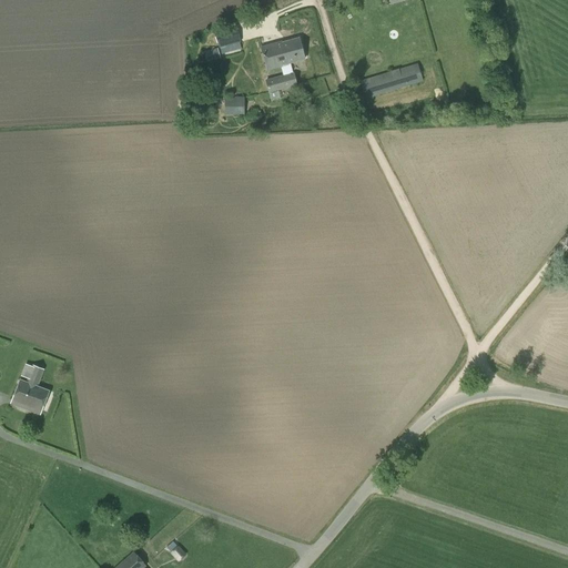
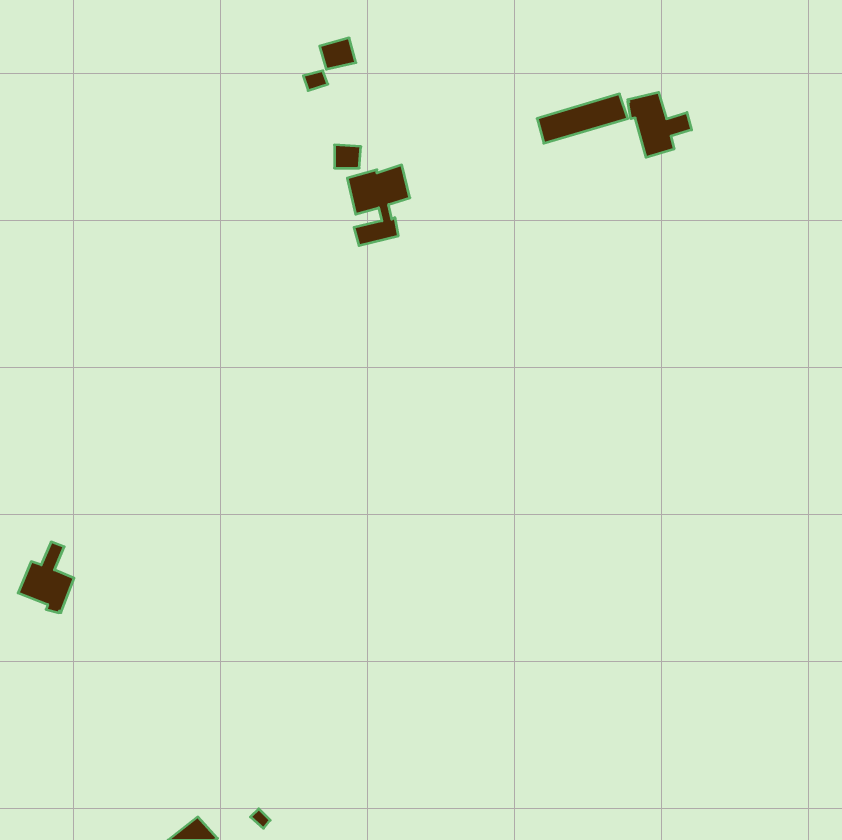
building: [262,37,304,91] -> [347,165,410,246]
building: none -> [628,92,692,157]

